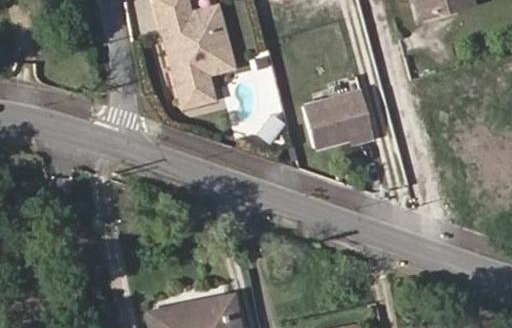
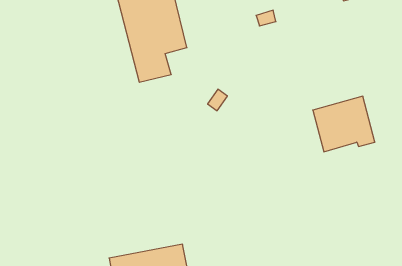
building: [304,87,376,151] -> [313,96,375,152]

